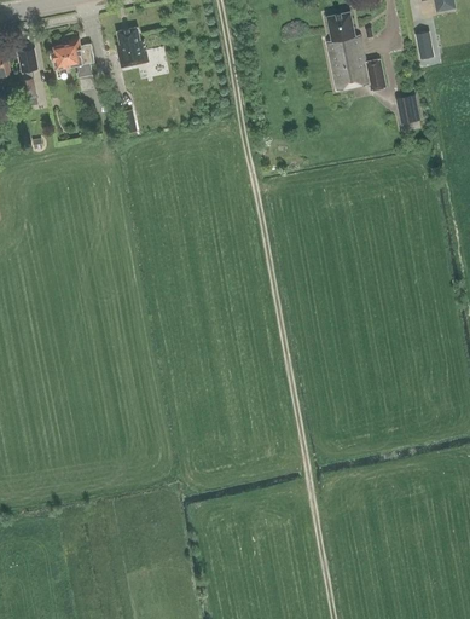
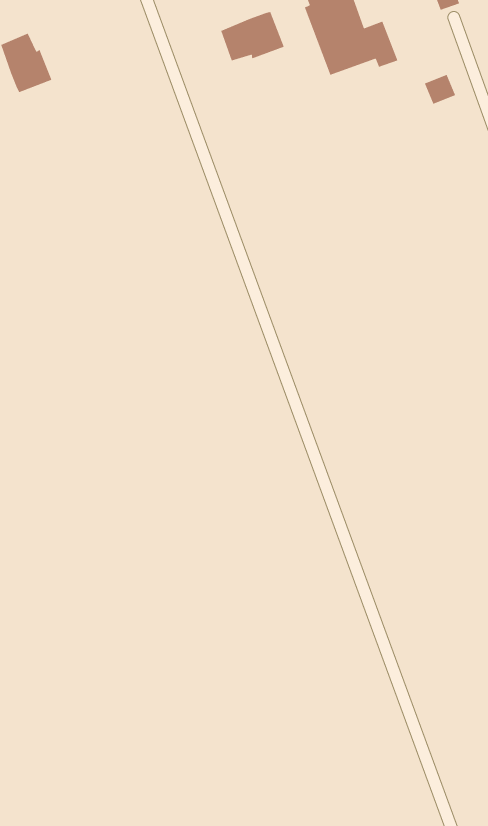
building: none -> [220,11,285,62]

